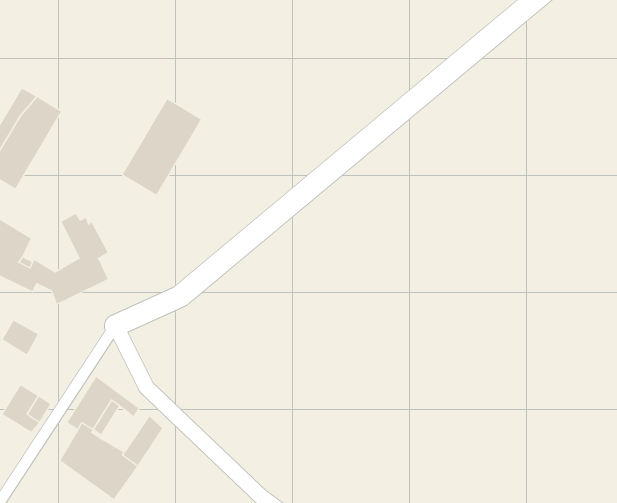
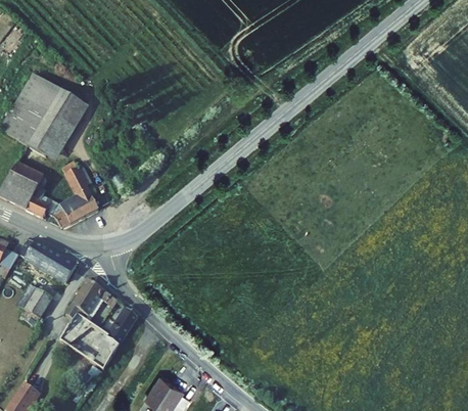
building: [122,99,202,196] -> [30,89,88,159]
building: none -> [38,249,76,283]

